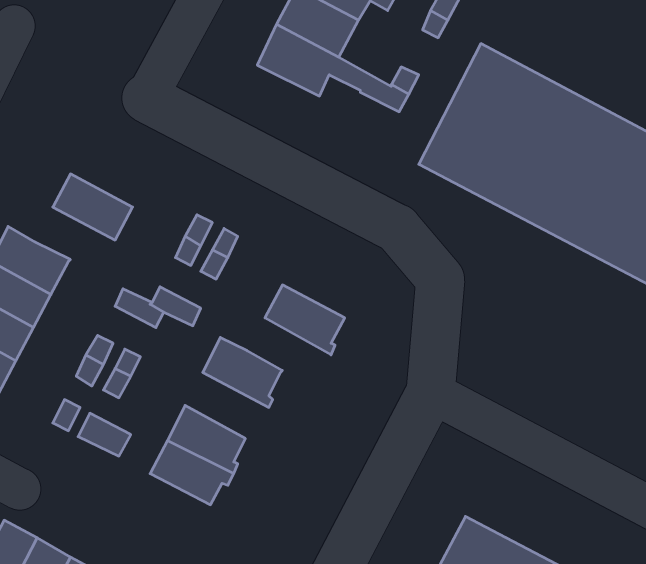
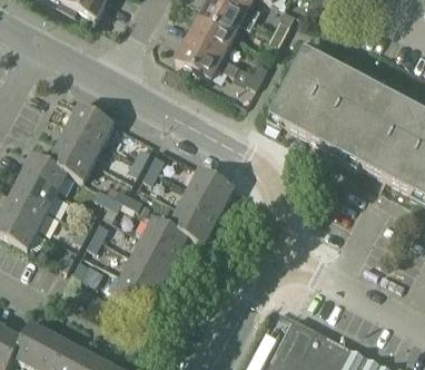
building: none -> [69,103,115,140]
building: none -> [49,140,95,181]
building: none -> [190,166,237,204]
building: none -> [170,204,218,244]
building: none -> [135,235,182,273]

